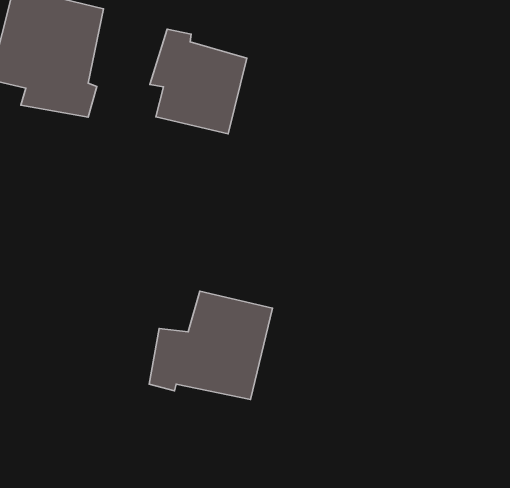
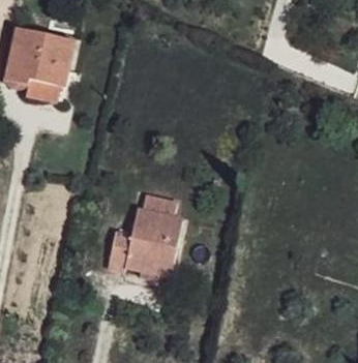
building: [150,29,247,134] -> none

